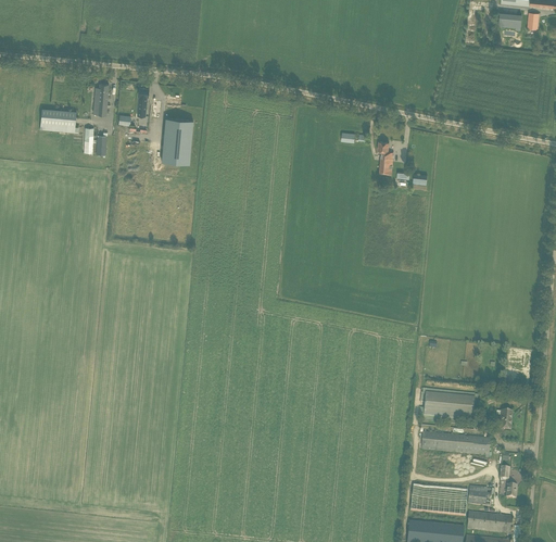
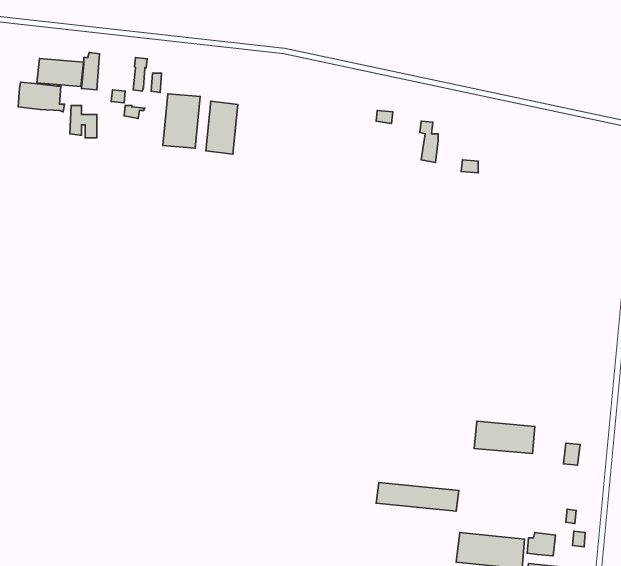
building: none -> [37,58,83,87]
building: none -> [206,101,238,154]
building: [421,430,491,454] -> [376,483,459,511]

